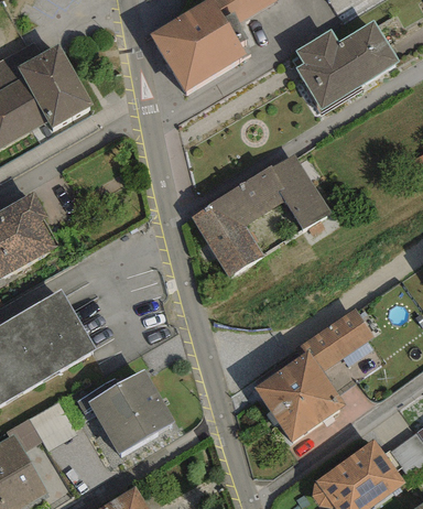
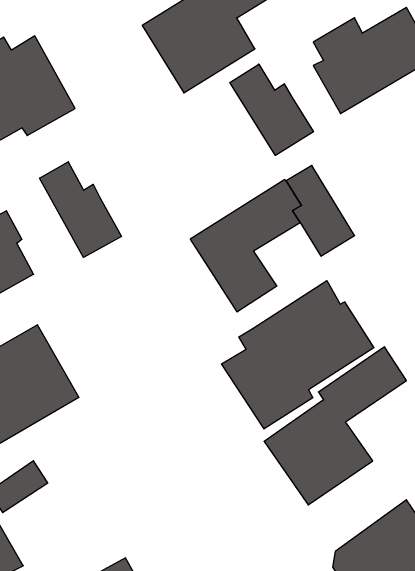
building: none -> [230,64,313,155]
building: none -> [40,162,121,257]
building: none -> [221,281,374,429]
building: [87,369,173,455] -> none

